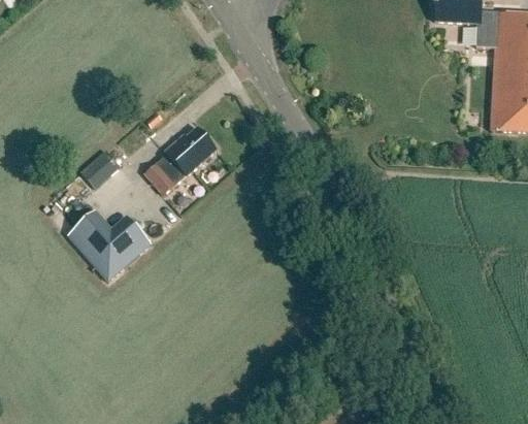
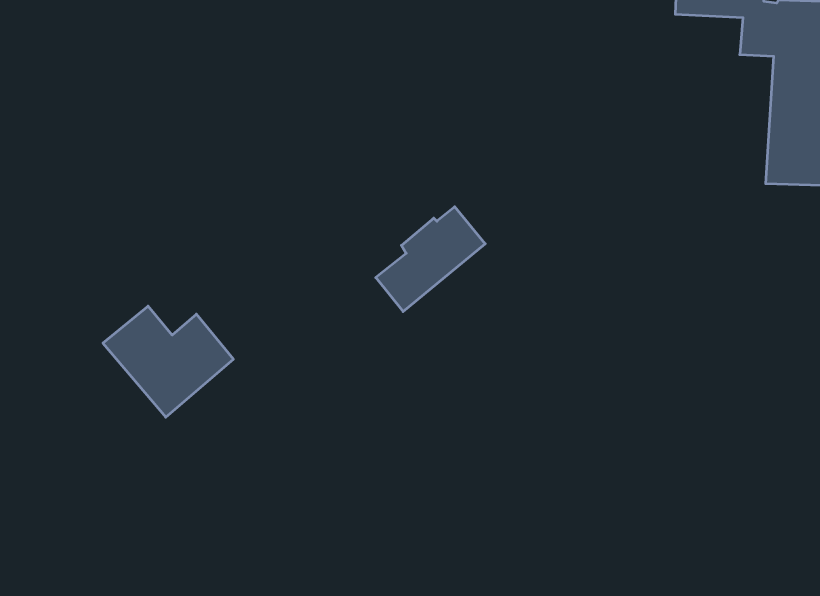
building: [147,127,218,194] -> [376,207,485,312]
building: [80,150,121,189] -> none

